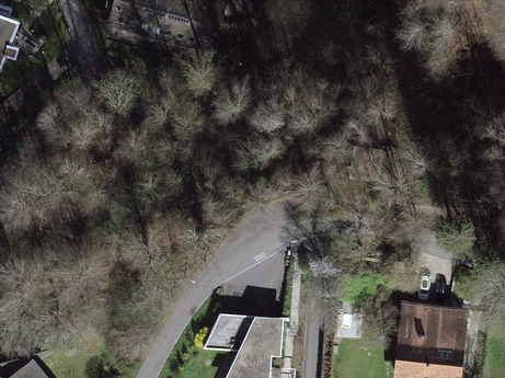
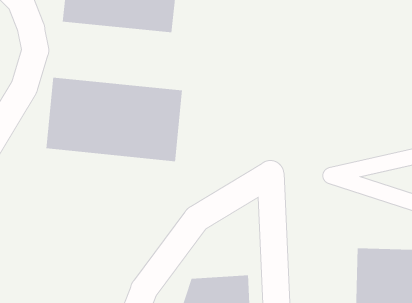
building: none -> [46,77,183,162]

